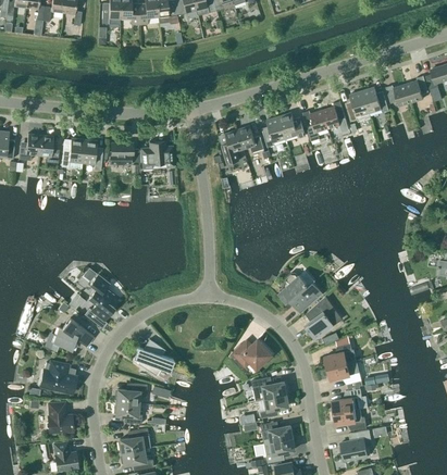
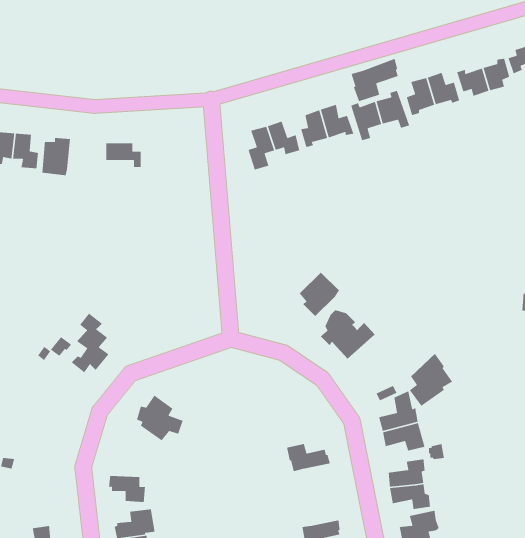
building: none -> [350,58,399,102]
building: [82,139,102,170] -> none
building: [139,141,173,170] -> none
building: none -> [299,272,340,317]
building: [305,296,339,338] -> [409,353,453,407]
building: [53,318,94,350] -> none
building: [233,339,272,368] -> none
building: [40,361,76,392] -> none
building: [114,383,147,403] -> none
building: [256,393,288,417] -> none
building: [48,402,73,433] -> none
building: [261,422,294,442] -> none

